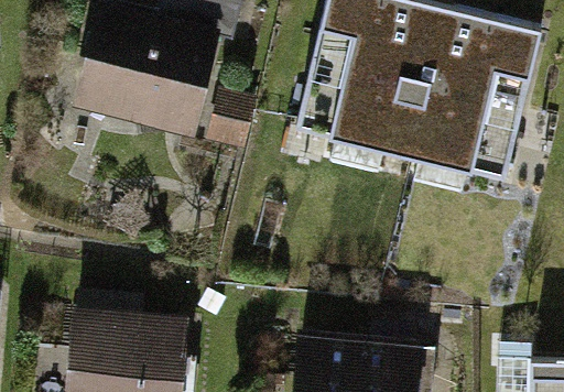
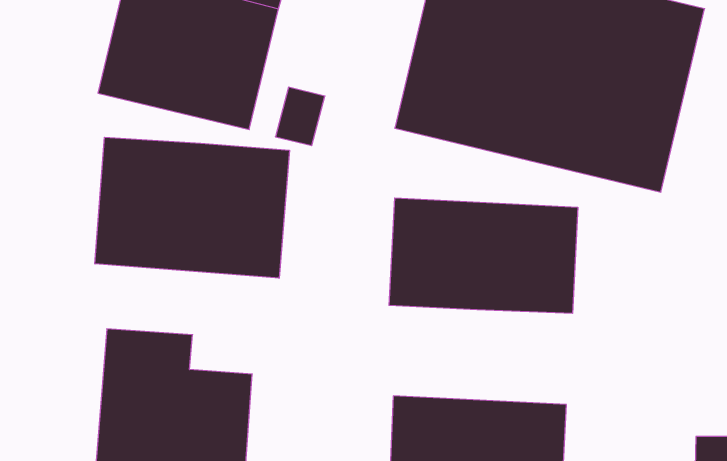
building: none -> [95,137,289,278]
building: none -> [389,198,578,313]

